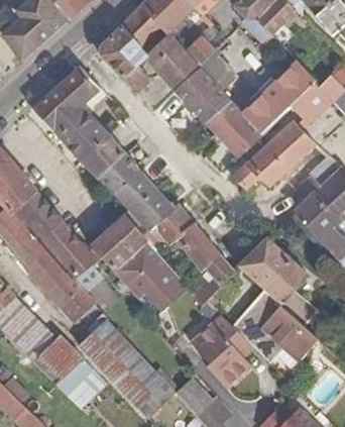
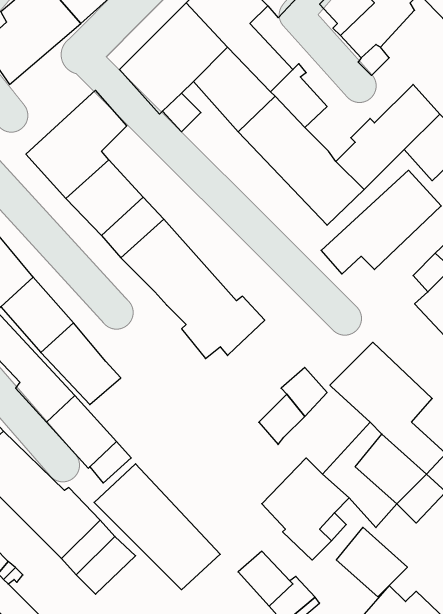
building: [91,211,185,315] -> none
building: [174,221,221,272] -> none
building: [255,299,304,346] -> [336,527,407,597]

